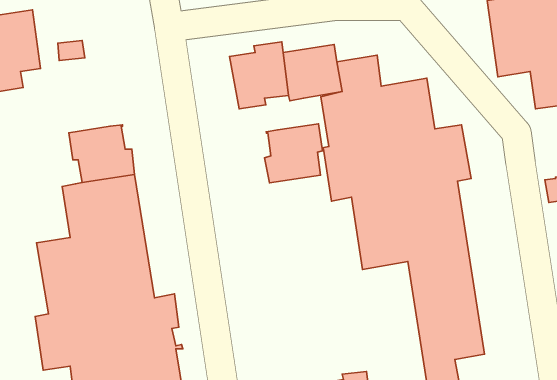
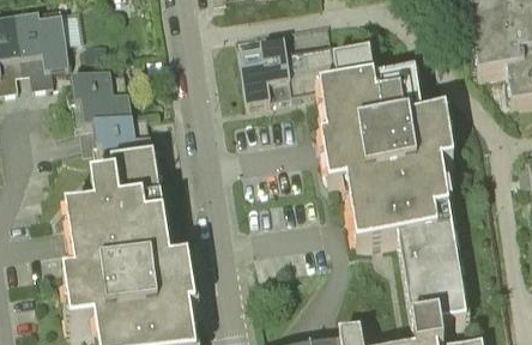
building: none -> [71,71,131,122]
building: [265,124,323,183] -> none

